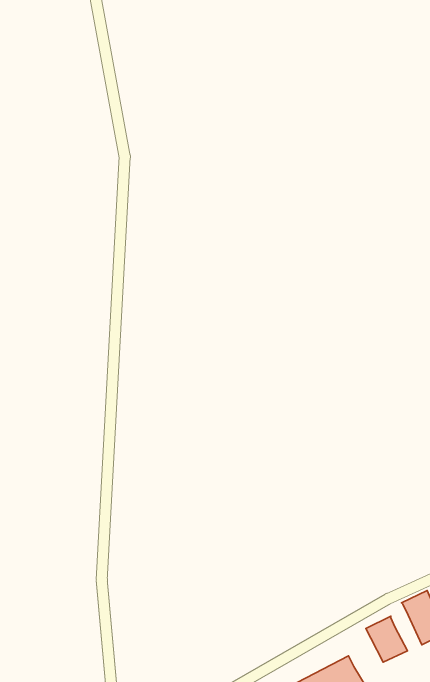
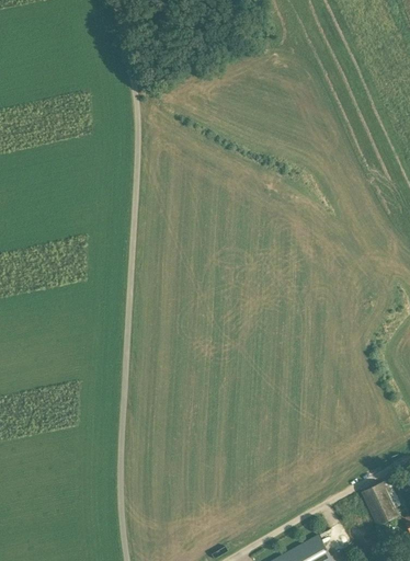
building: [366,616,407,662] -> none

